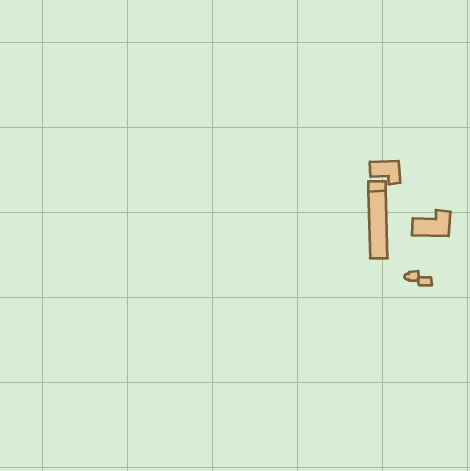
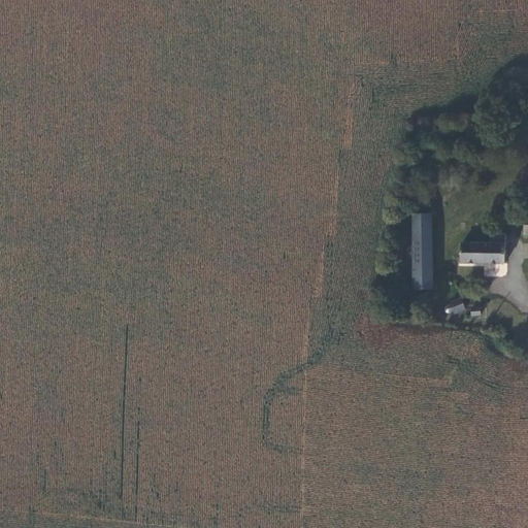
building: [370,161,400,184] -> none

